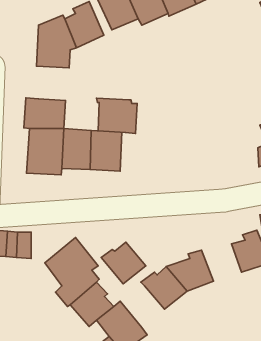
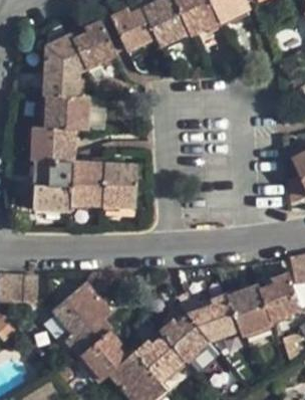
building: [97,98,137,133] -> [43,91,88,131]
building: none -> [226,284,272,336]
building: [101,242,146,284] -> [135,335,185,381]

